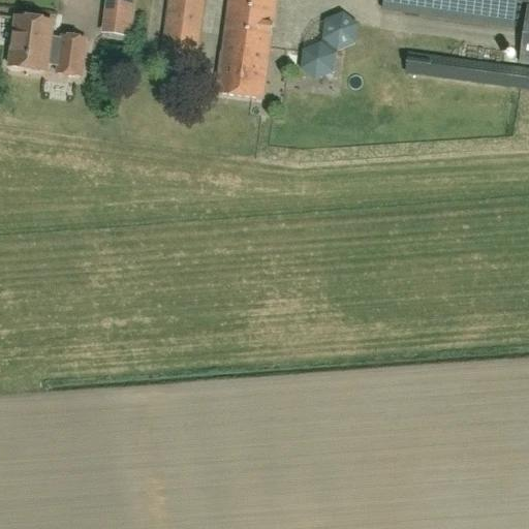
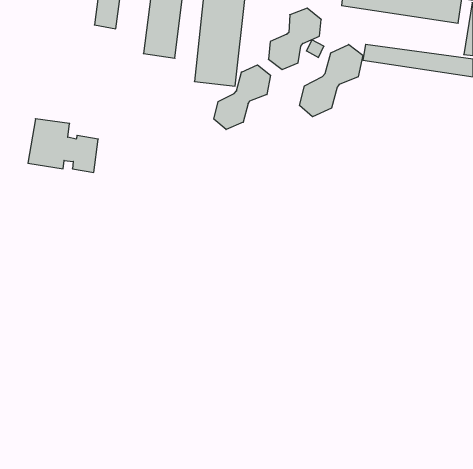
building: [7,14,86,74] -> [28,119,98,172]
building: none -> [300,44,363,117]
building: none -> [214,65,271,130]

